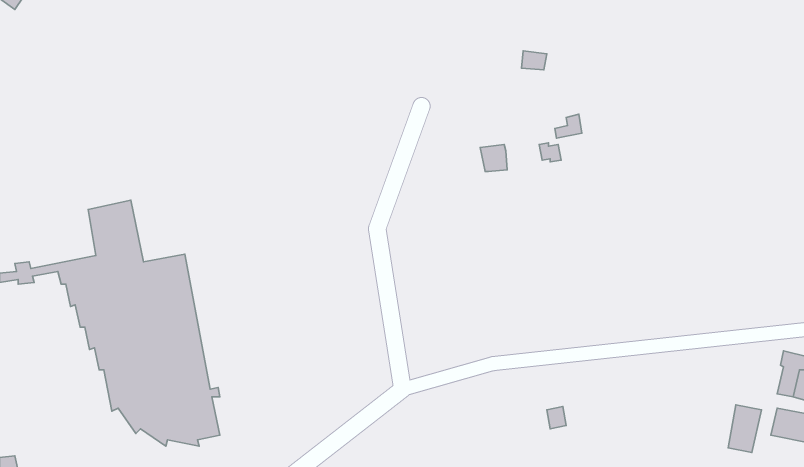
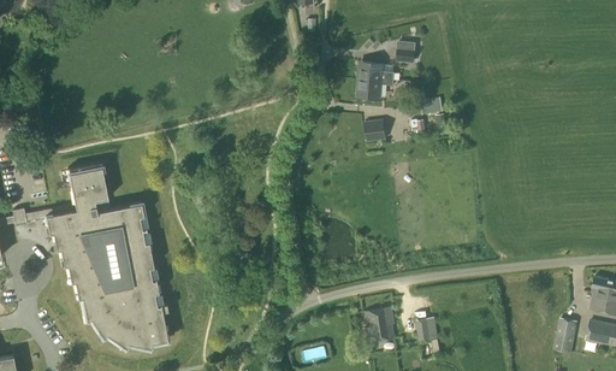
building: none -> [356,61,395,99]
building: none -> [365,307,393,341]

